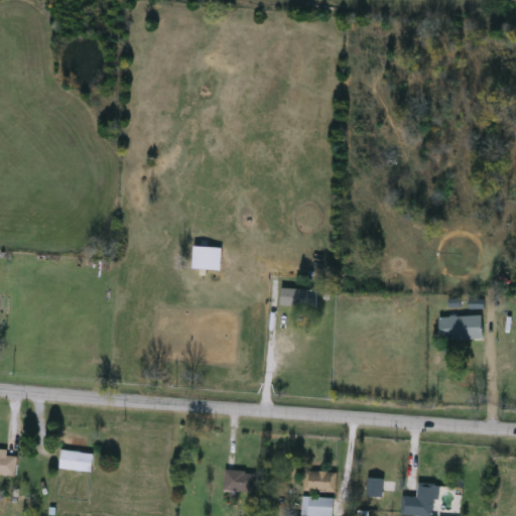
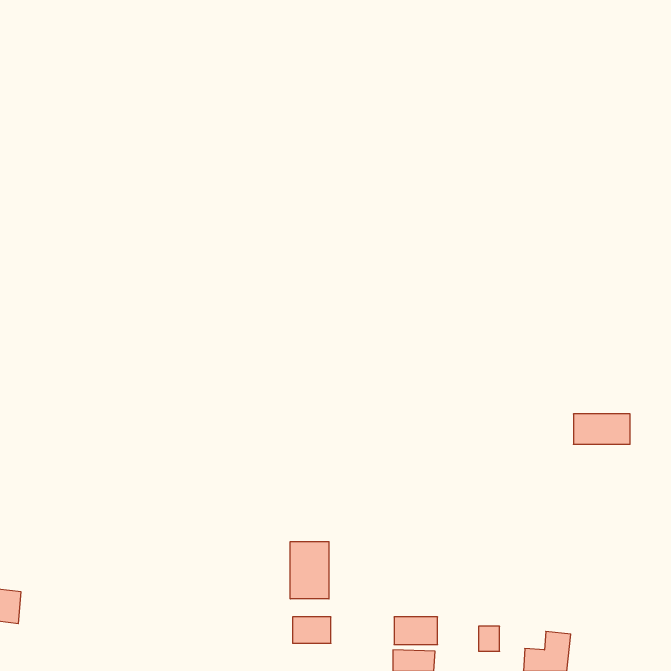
building: [191,247,220,269] -> none
building: [279,288,315,307] -> none
building: none -> [290,542,329,599]
building: [57,450,93,473] -> none

